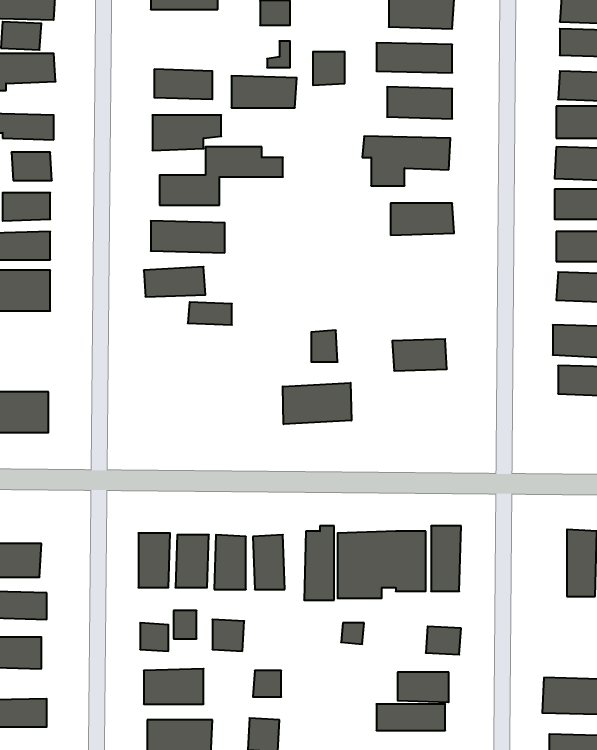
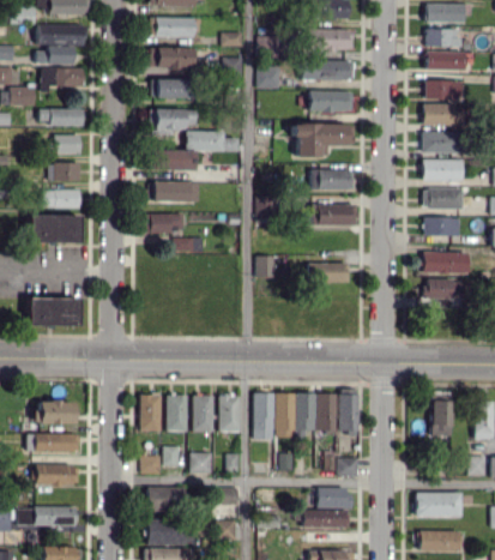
building: [231,76,297,108] -> [149,47,193,68]
building: none -> [306,204,358,225]
building: [283,383,351,424] -> none

